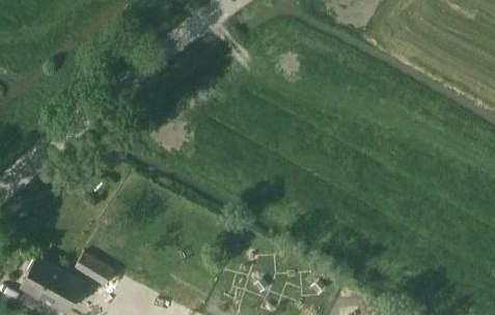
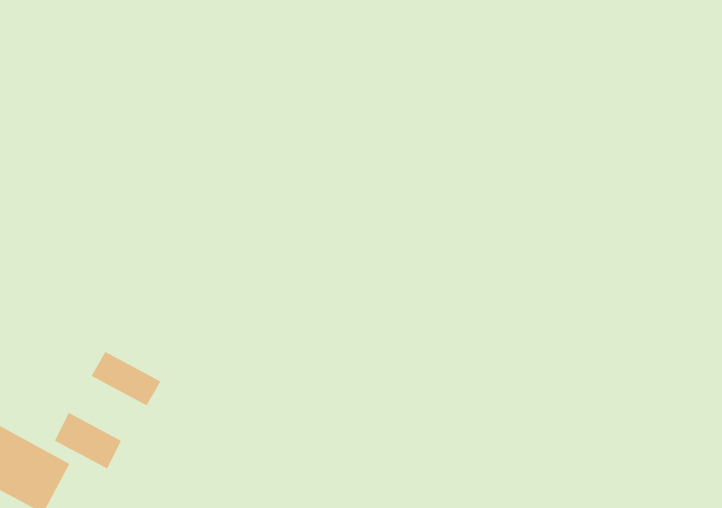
building: none -> [91,351,161,406]

